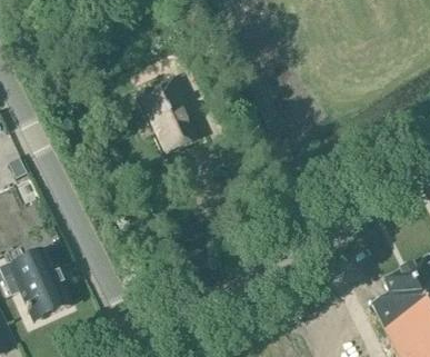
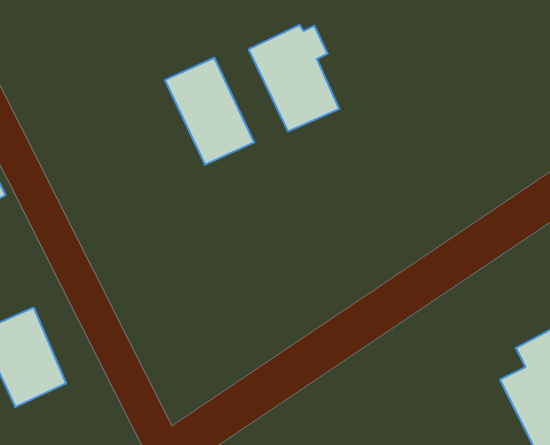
building: none -> [249,25,339,131]

